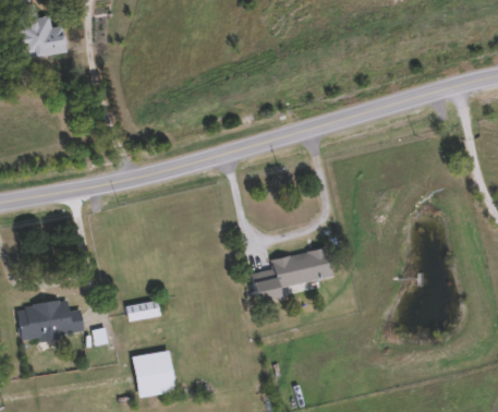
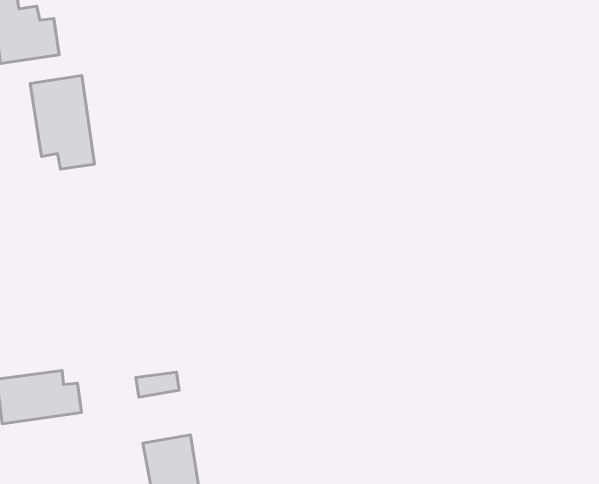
building: none -> [30,75,94,169]
building: [254,249,333,300] -> none

